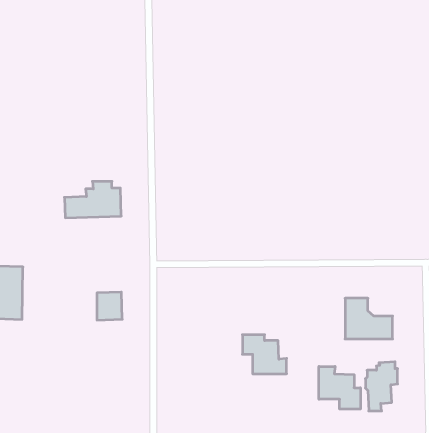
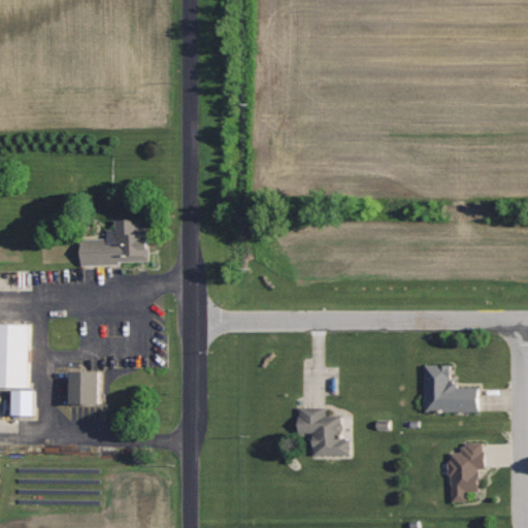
building: [97,292,122,320] -> [69,372,100,406]
building: none -> [10,391,33,417]
building: [319,366,360,409] -> none

